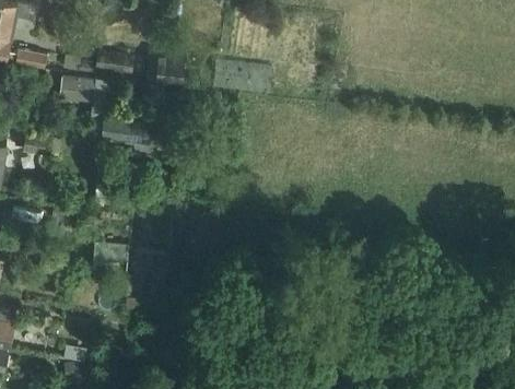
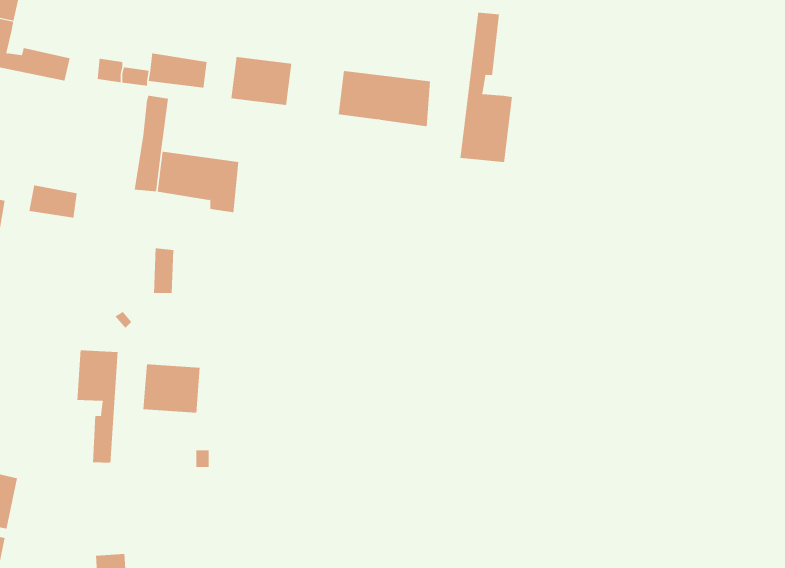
building: none -> [460,12,512,163]
building: [57,78,94,103] -> none
building: none -> [77,350,118,463]

